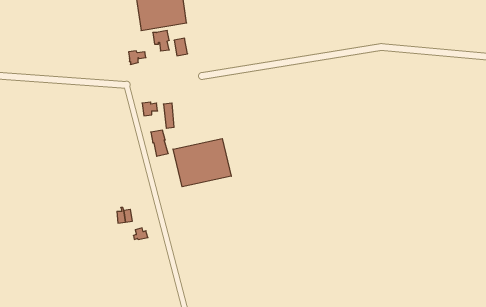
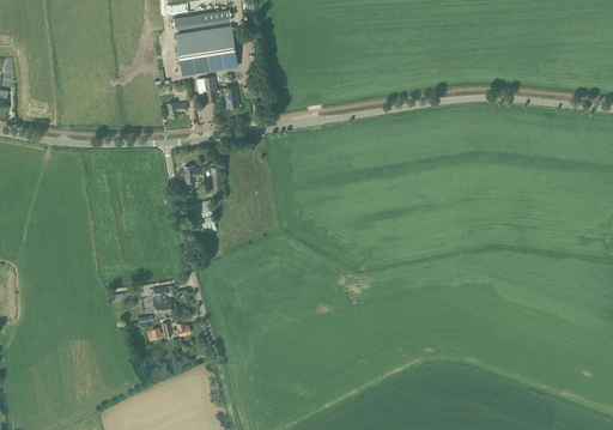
building: [173,139,231,187] -> none

